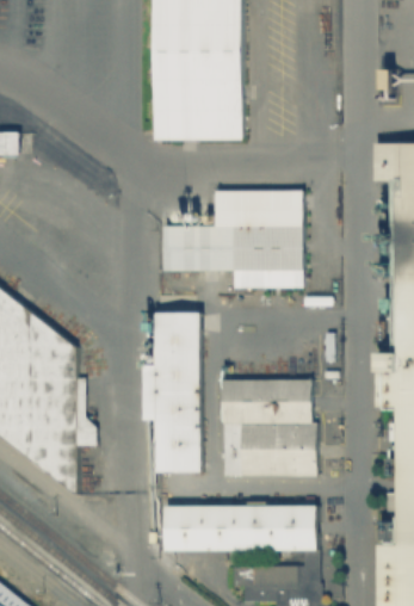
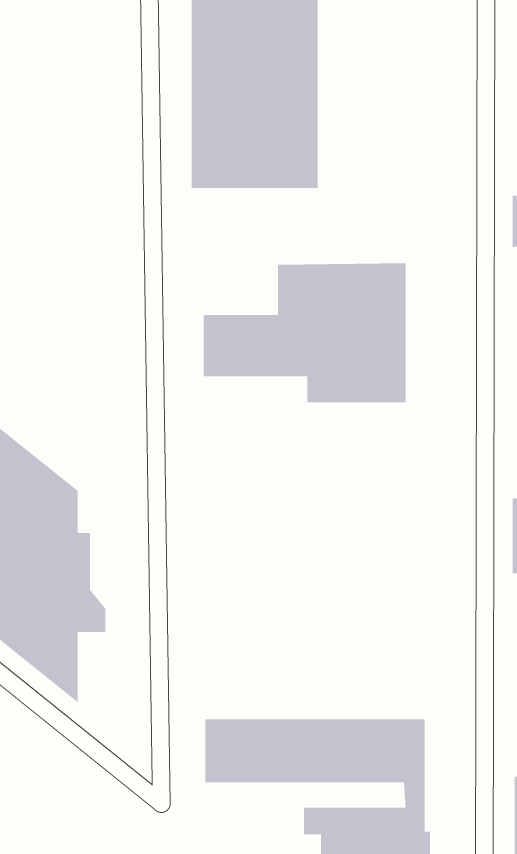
building: [142,311,199,470] -> none
building: [221,377,314,475] -> none

